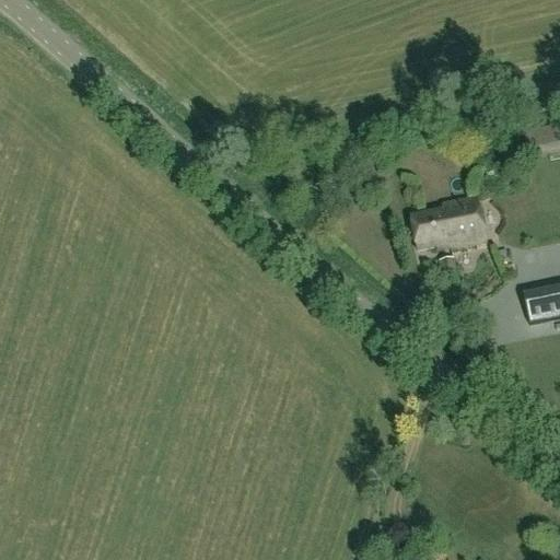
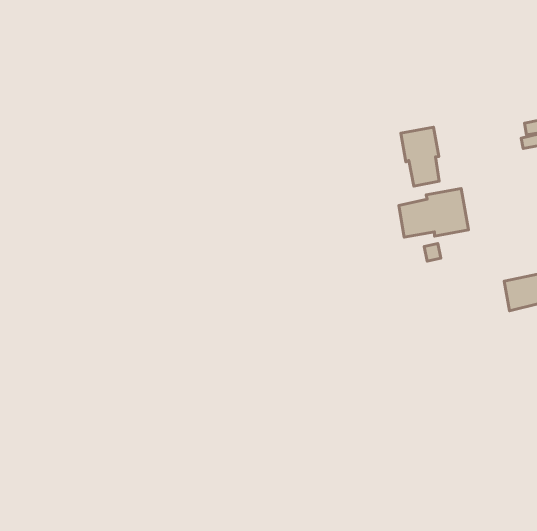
building: none -> [401,127,439,186]

